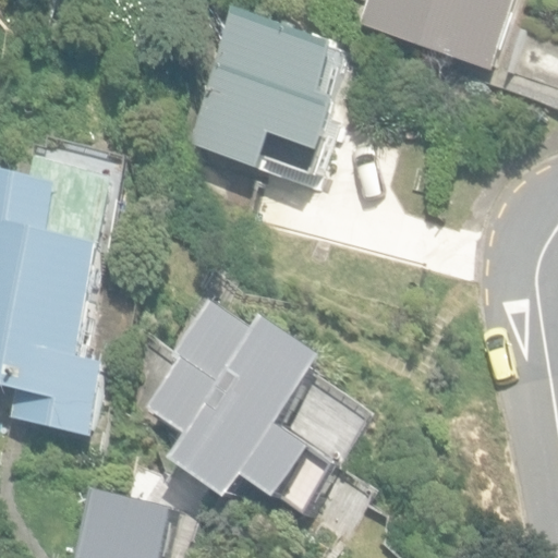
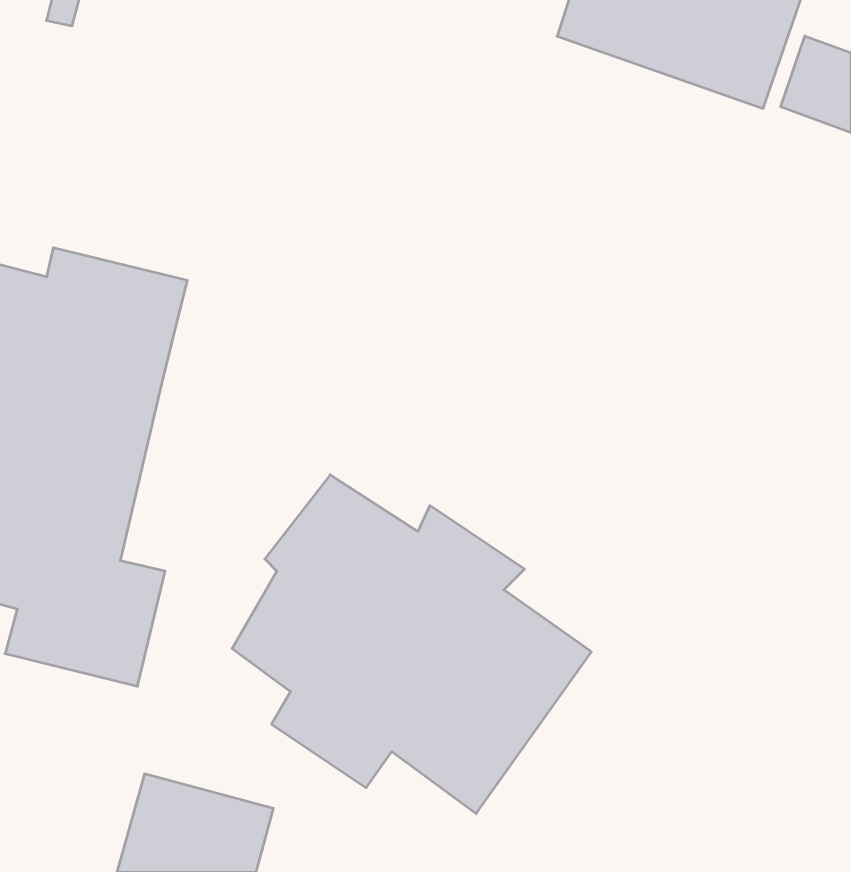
building: [190,8,343,169] -> none

